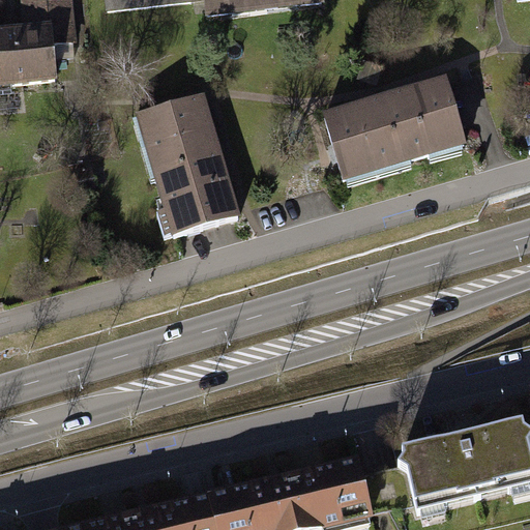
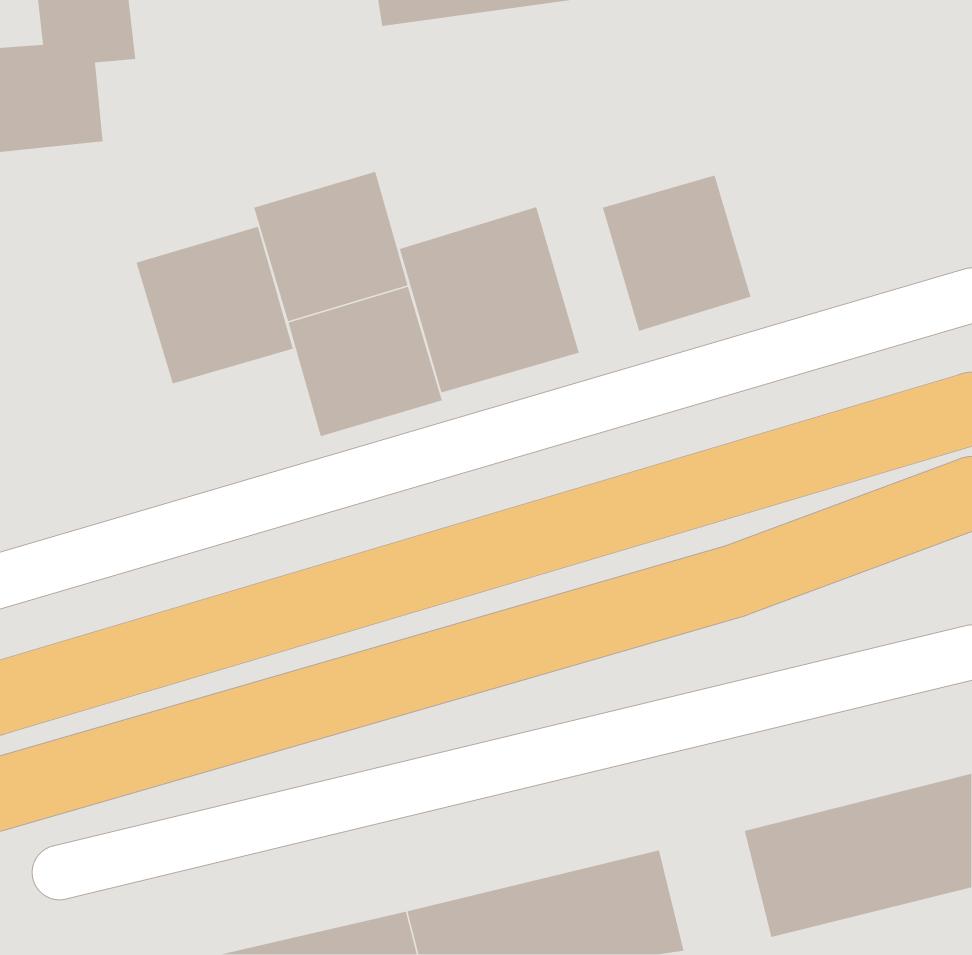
building: [386,76,467,160] -> none
building: none -> [399,206,580,394]
building: none -> [135,226,294,385]

